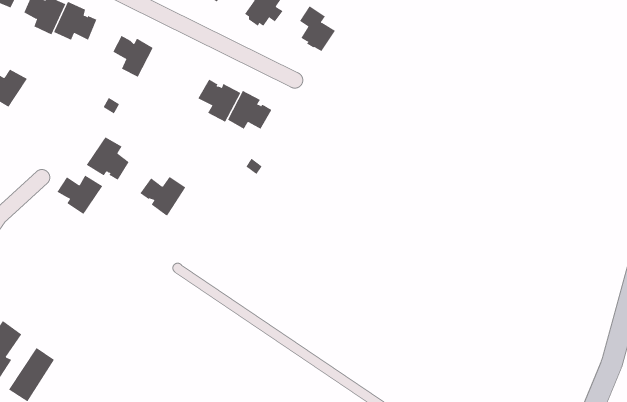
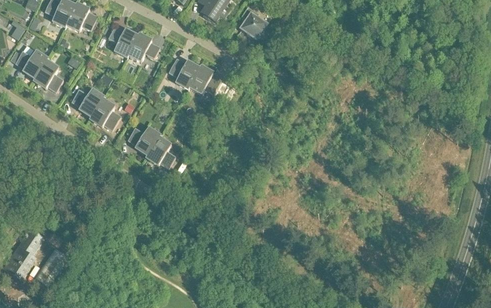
building: none -> [126,33,160,61]
building: none -> [33,57,63,91]
building: [57,175,103,217] -> [71,88,104,118]
building: none -> [146,134,175,167]

